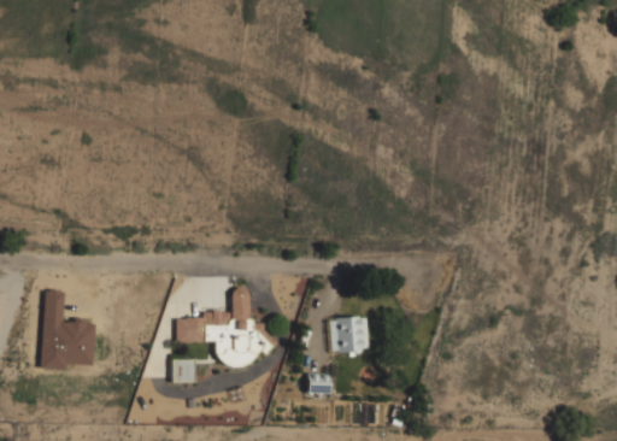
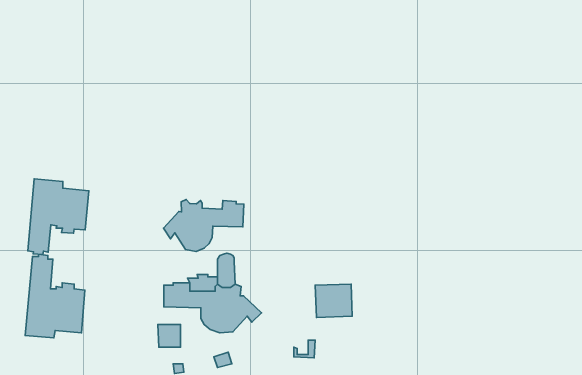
building: none -> [28,179,89,254]
building: none -> [163,200,244,252]

